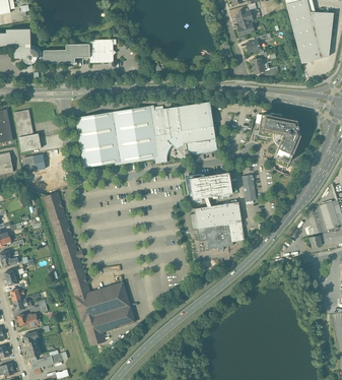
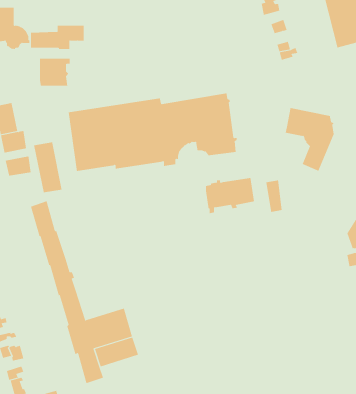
building: [89,40,116,63] -> [39,58,70,86]
building: none -> [34,141,62,193]
building: [198,203,243,251] -> none

